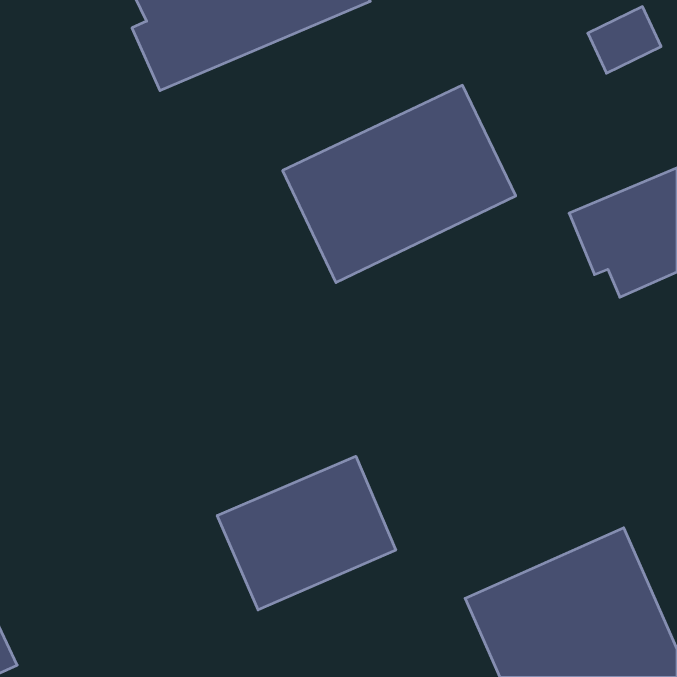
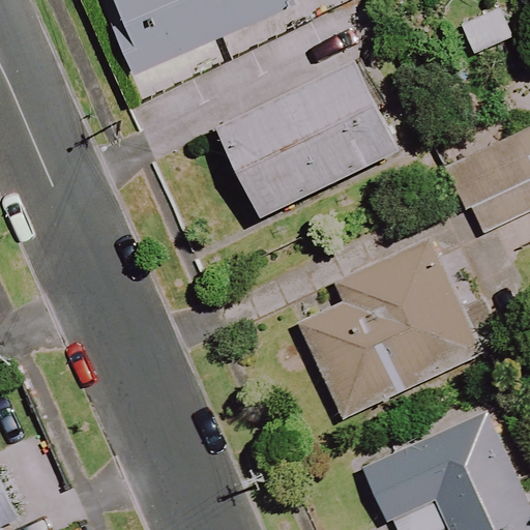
building: none -> [299,239,516,417]
building: [217,456,396,610] -> none

